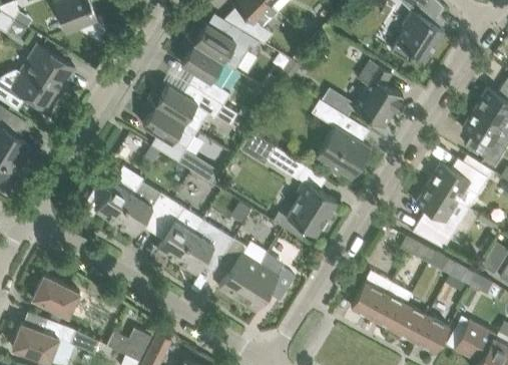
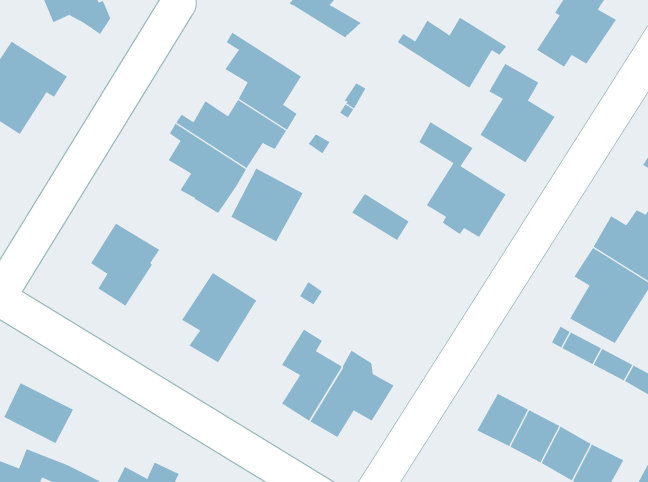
building: [185,22,260,70] -> [397,17,507,88]
building: [273,181,336,239] -> none
building: [114,194,172,237] -> none
building: [176,220,233,275] -> none

